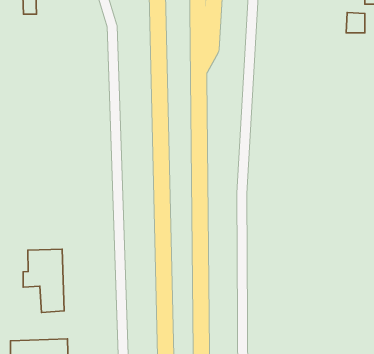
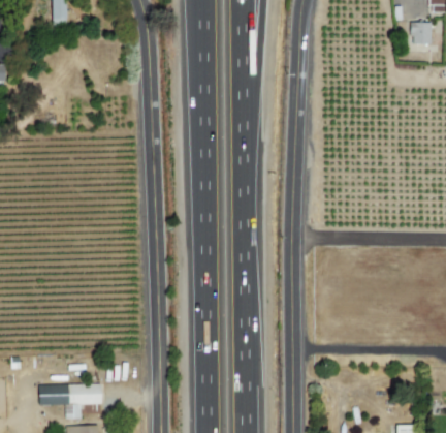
building: [23,249,64,312] -> none

